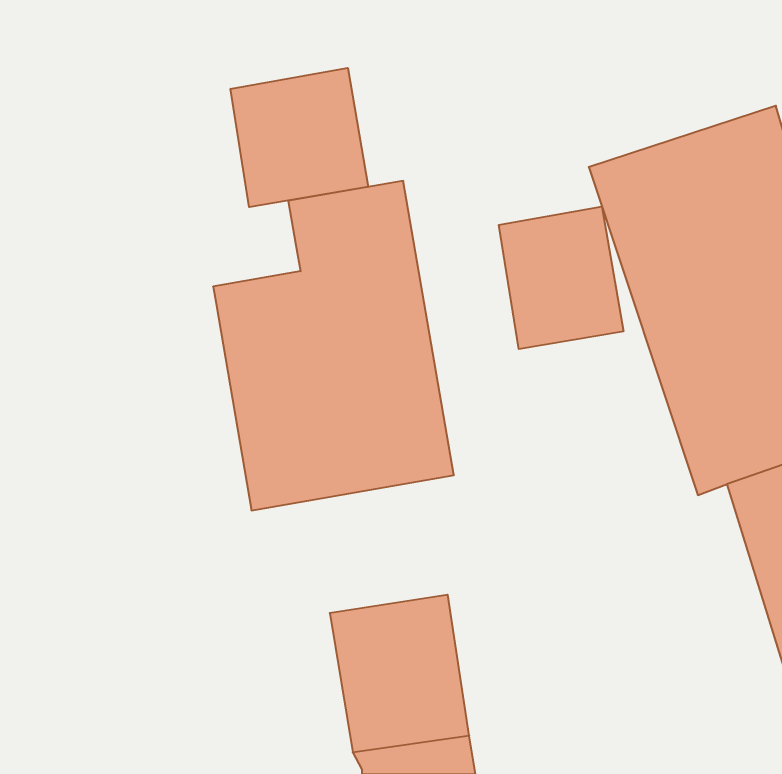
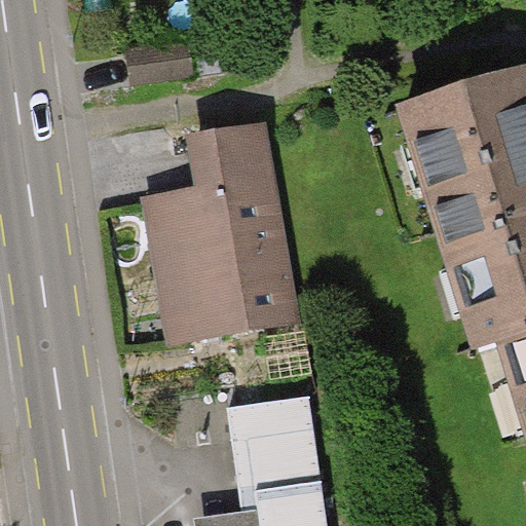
building: [231,68,368,207] -> none
building: [499,206,623,349] -> none

